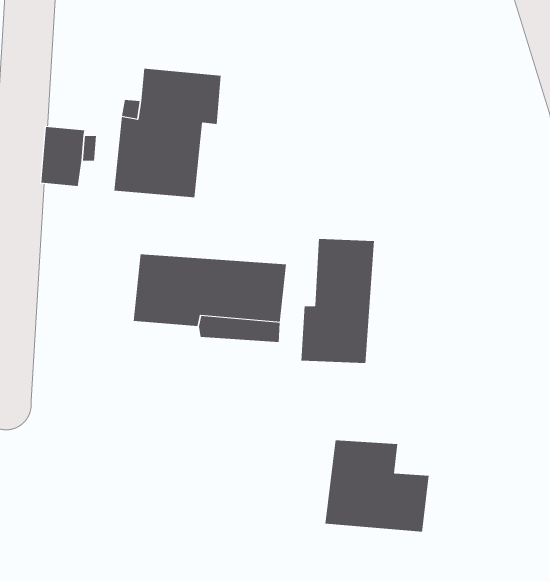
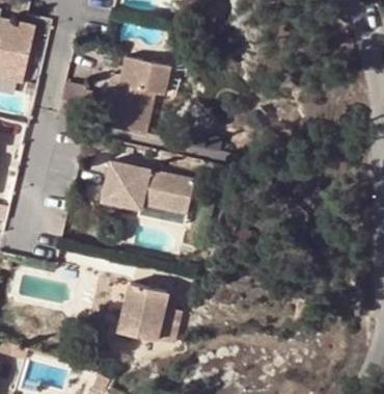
building: [301,238,375,364] -> none
building: [325,440,429,532] -> [120,282,185,342]

